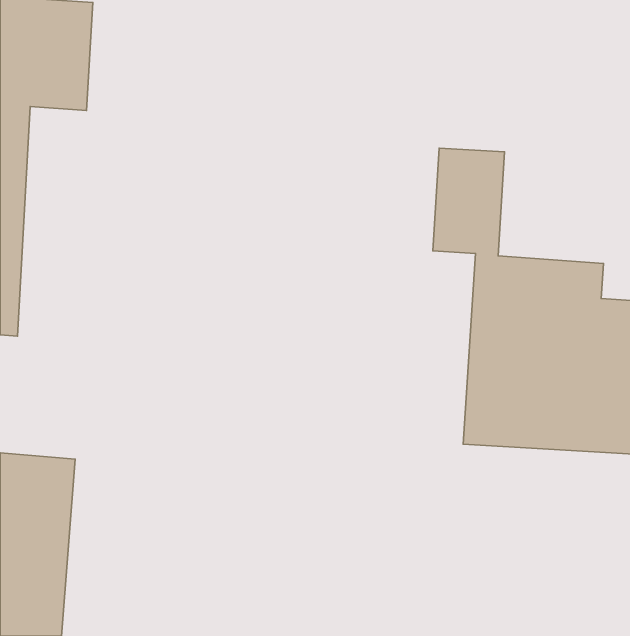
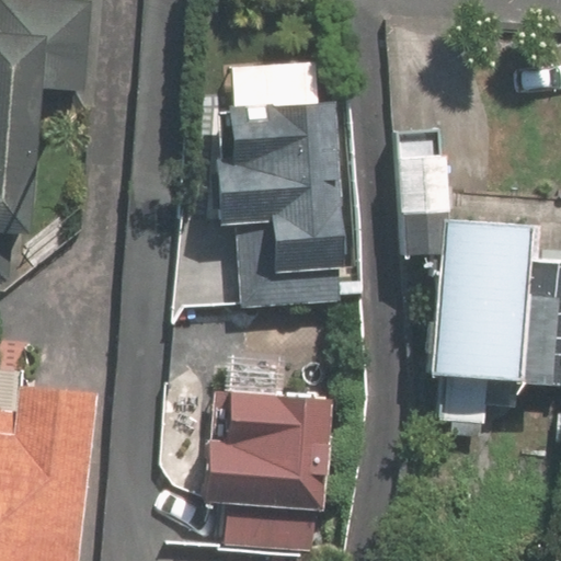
building: none -> [220,105,330,248]
building: none -> [186,391,334,516]

